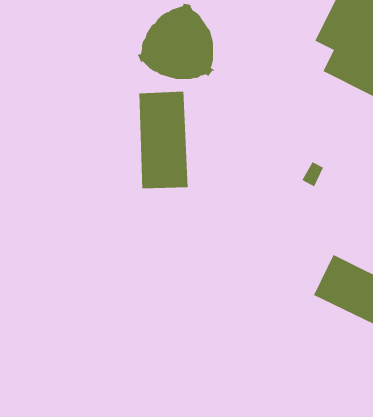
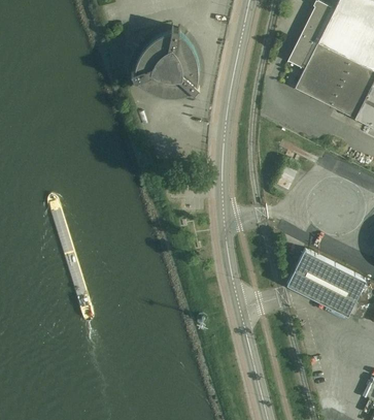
building: [139,91,188,189] -> none

